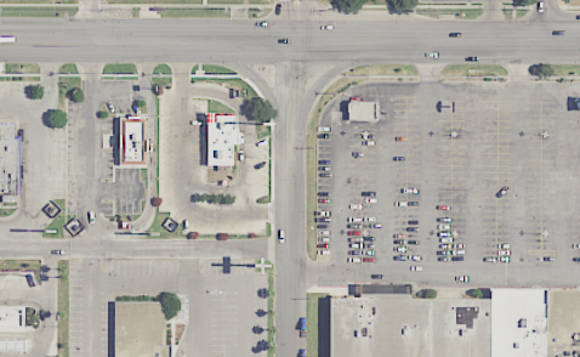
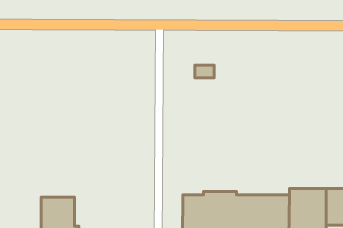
building: [209,117,239,166] -> none
building: [120,118,148,165] -> none

